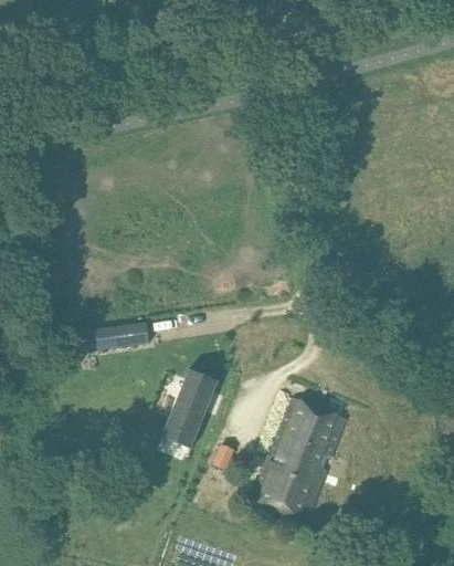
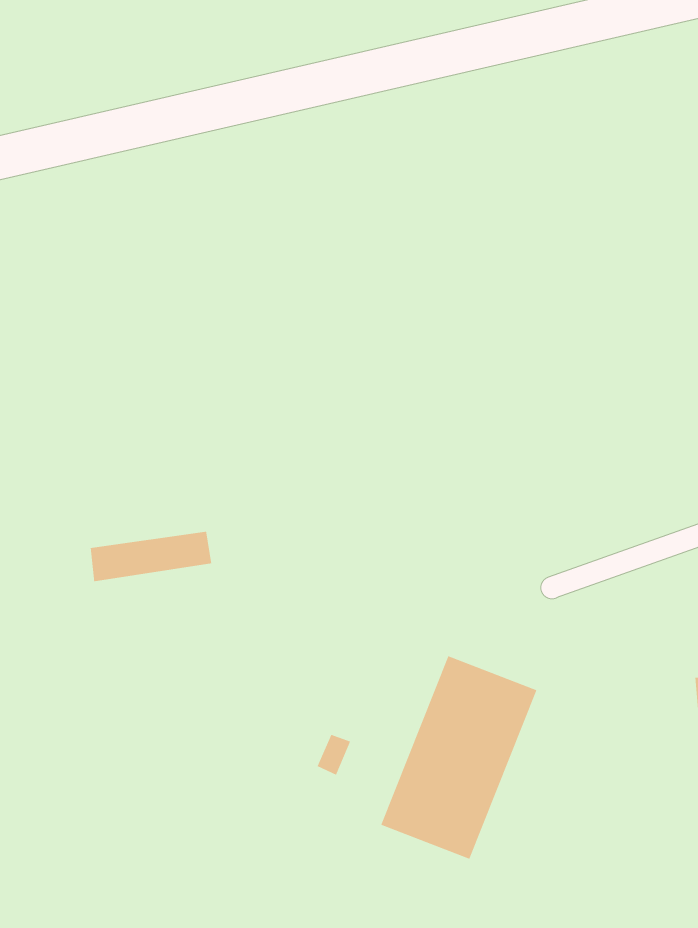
building: [161,368,219,449] -> none

